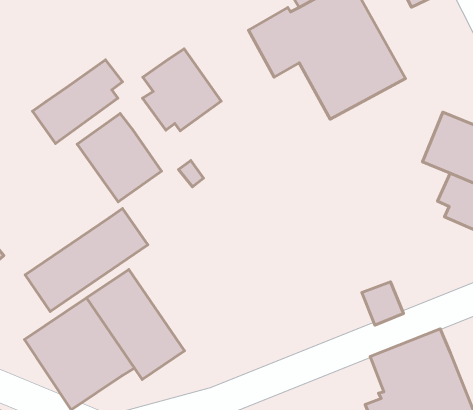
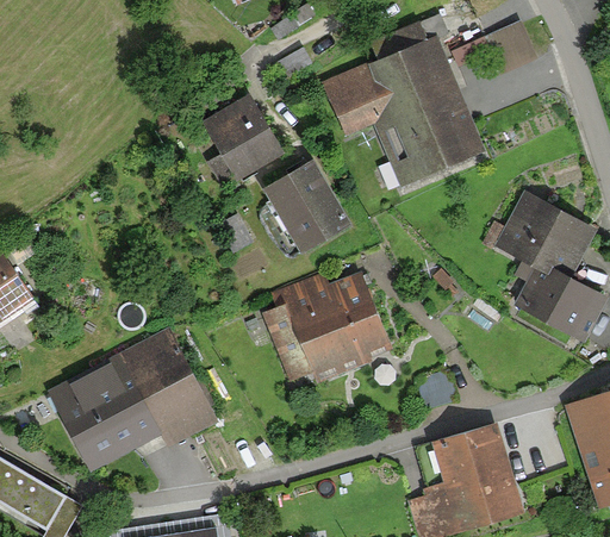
building: [33,60,122,143] -> none
building: [77,113,161,202] -> [263,161,351,256]
building: none -> [262,270,392,382]
building: [25,209,148,311] -> none

